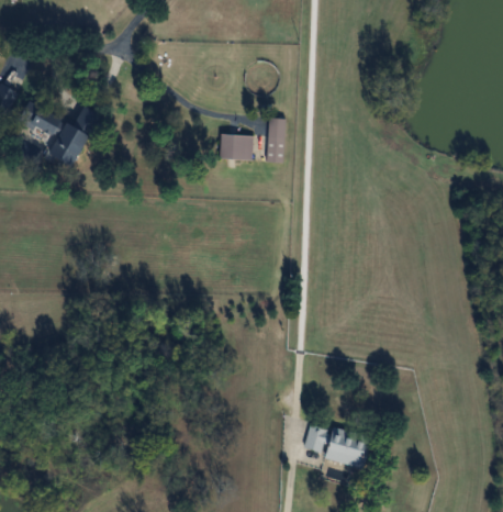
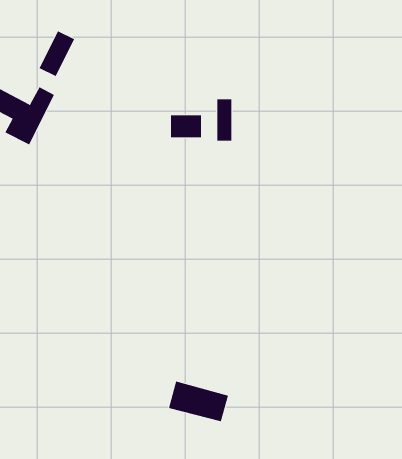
building: none -> [39,30,75,77]
building: [304,423,368,466] -> [168,381,229,422]

